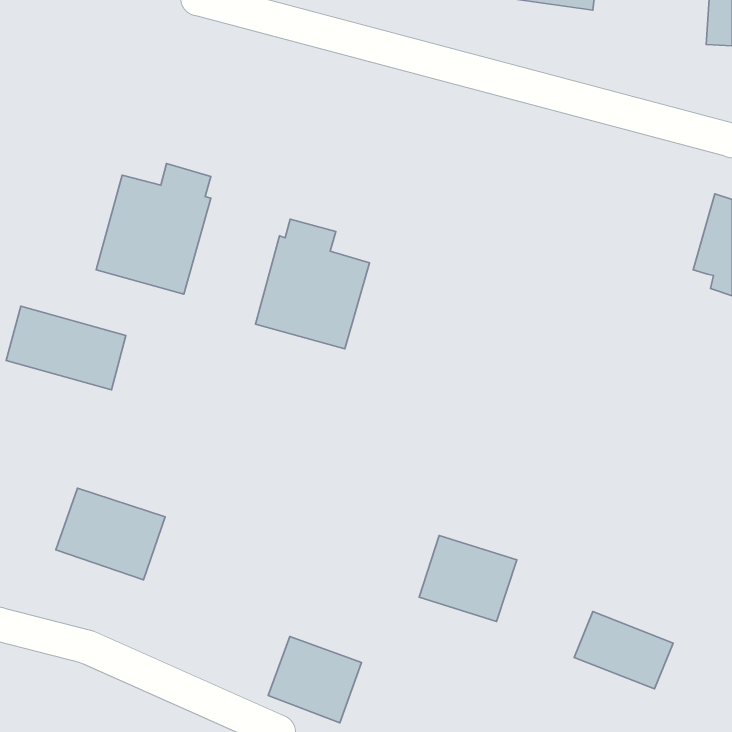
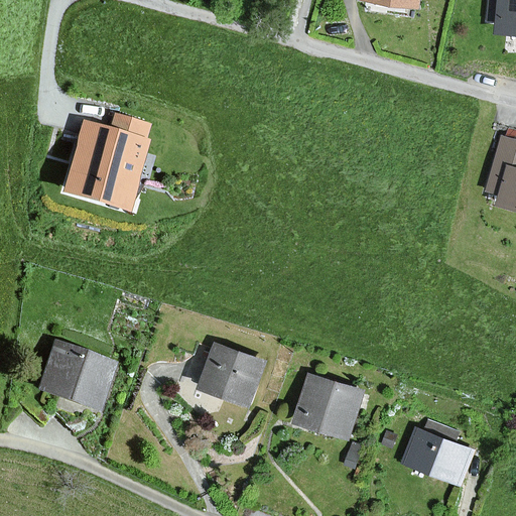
building: [255,219,369,349] -> none
building: [6,306,126,390] -> none
building: [268,637,361,723] -> [198,344,263,404]

